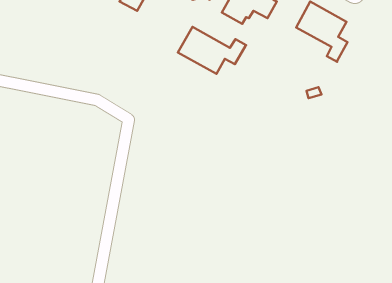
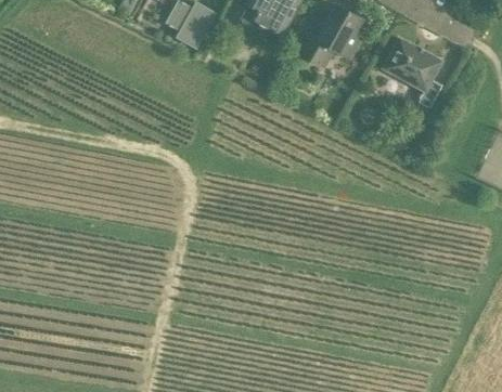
building: [178,27,246,74] -> none

